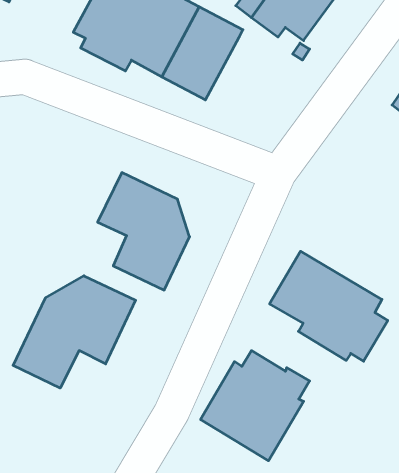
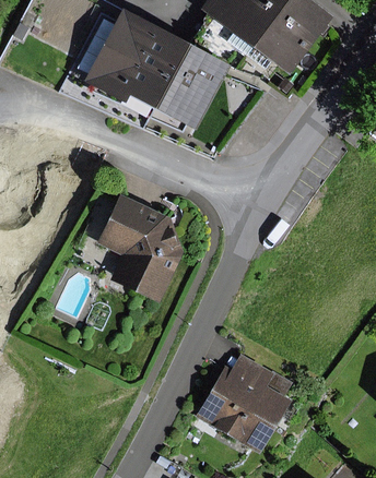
building: [270,251,388,361] -> none
building: [13,276,136,388] -> none

